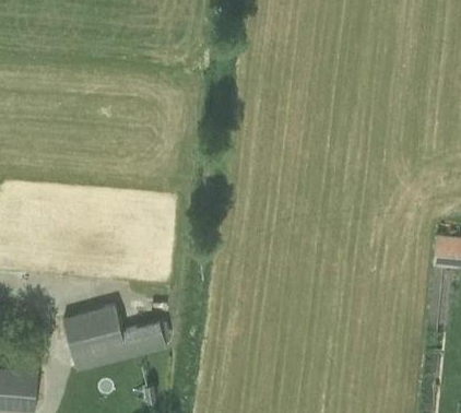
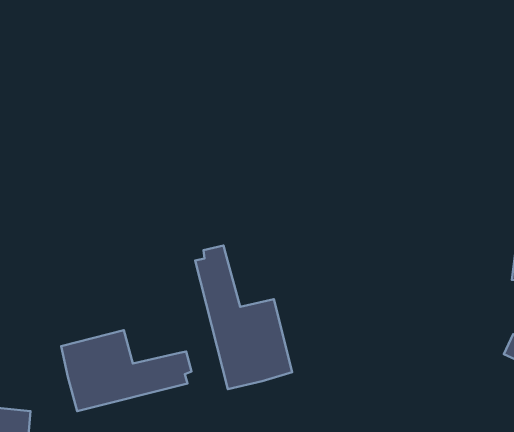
building: none -> [195,245,292,389]

